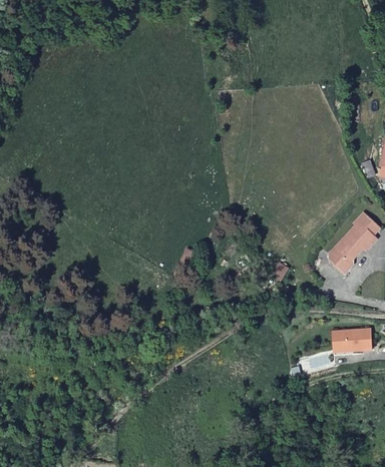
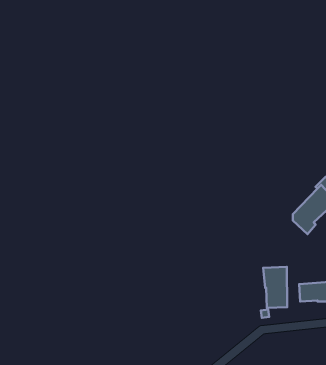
building: none -> [263,267,287,308]

